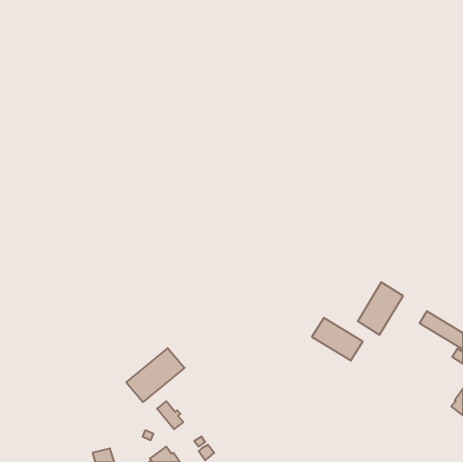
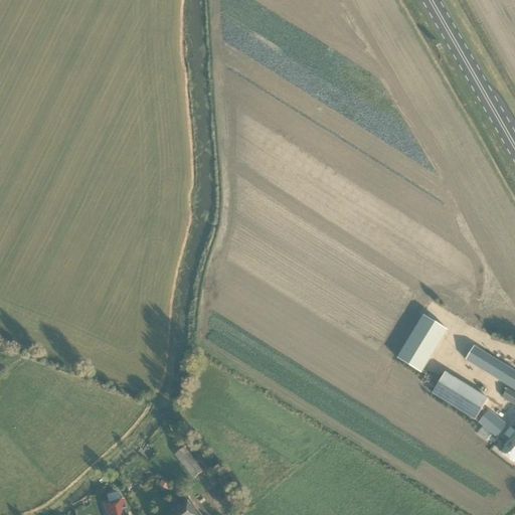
building: [312,318,363,361] -> [432,370,488,417]
building: [126,348,185,402] -> none
building: none -> [478,407,507,436]

